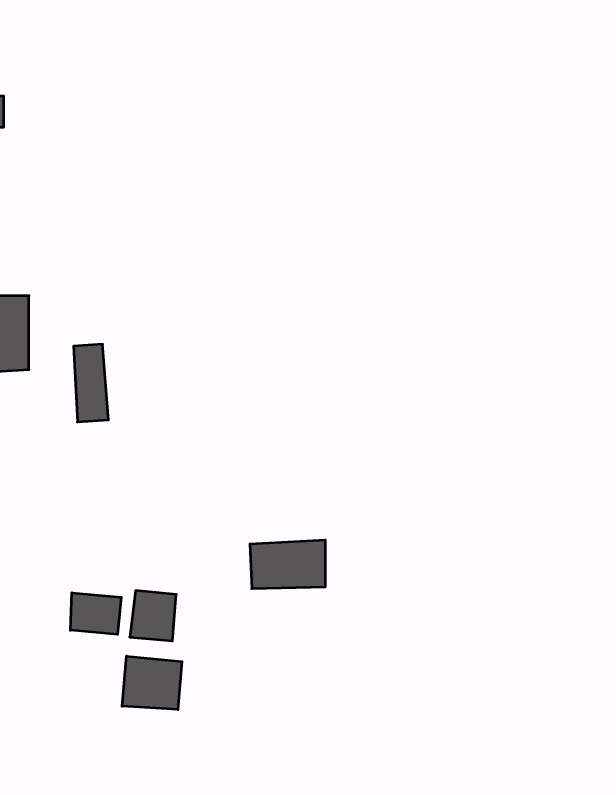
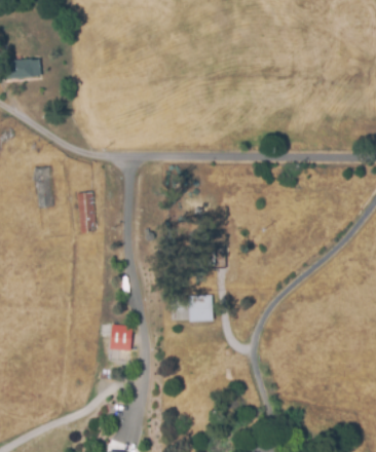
building: [70,593,121,634] -> none
building: [122,656,182,710] -> none

